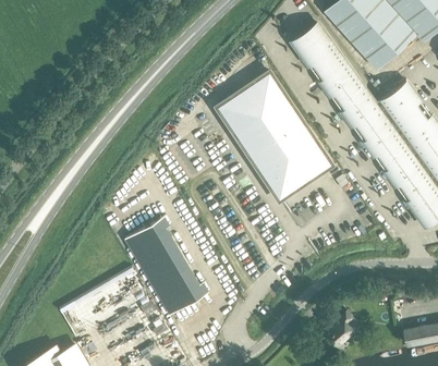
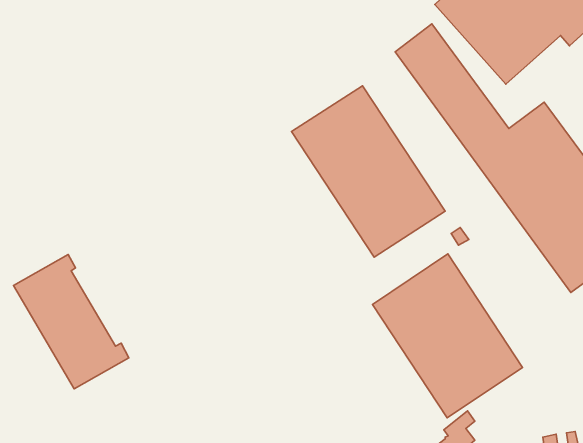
building: none -> [372,254,523,418]
building: [123,216,208,315] -> [13,254,129,389]

